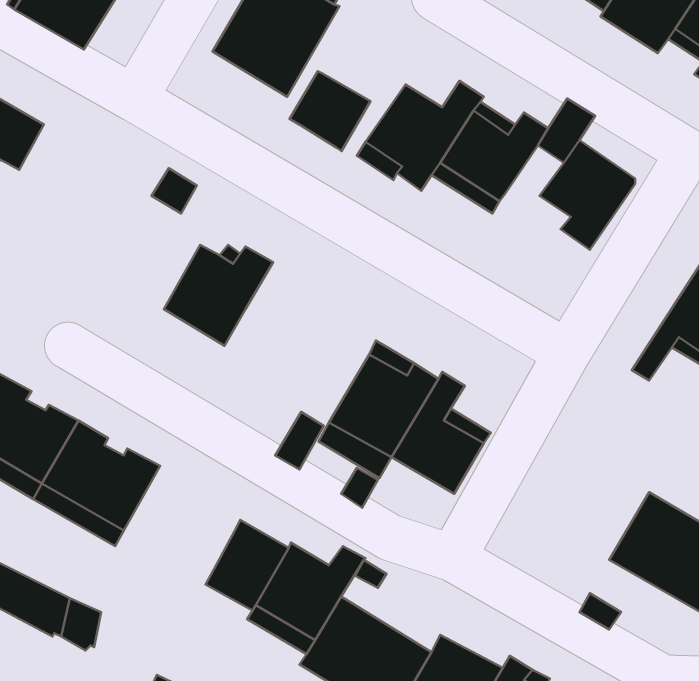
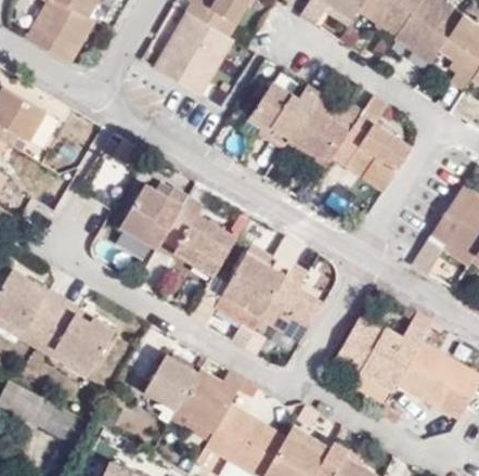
building: [290,71,370,151] -> none
building: none -> [332,125,373,177]
building: none -> [170,197,234,280]
building: none -> [334,311,433,401]

